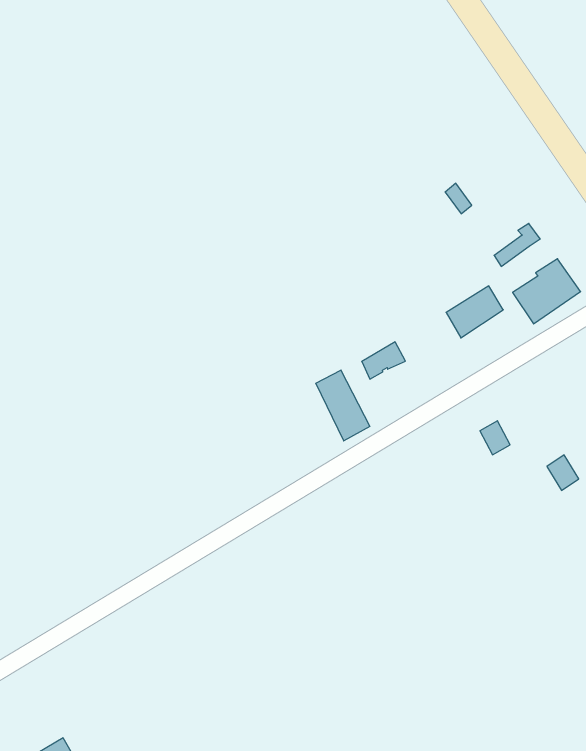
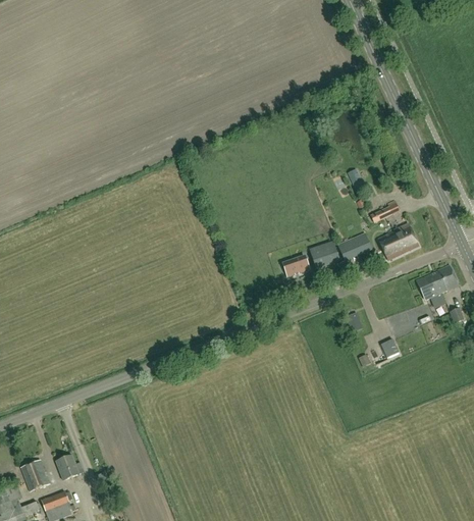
building: none -> [310,241,339,268]
building: [316,370,370,441] -> none

